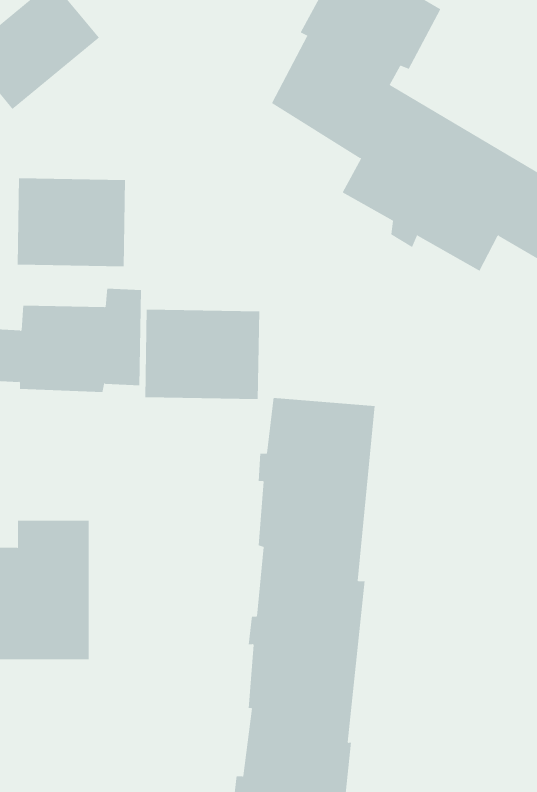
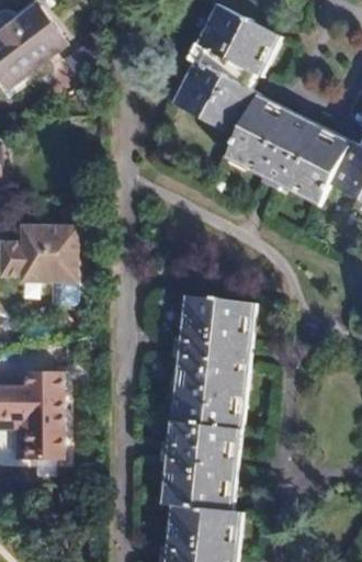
building: [17,178,125,267] -> none
building: [145,309,260,400] -> none

